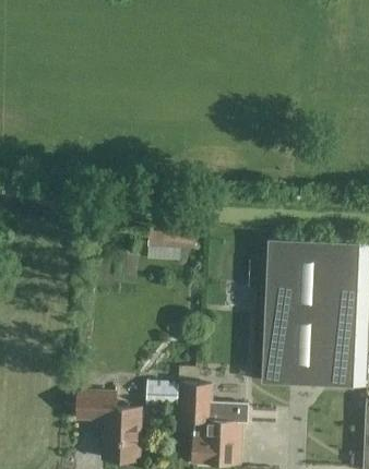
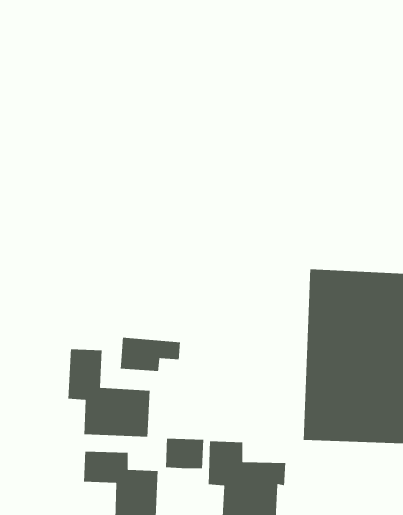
building: [147,230,199,260] -> [120,337,181,372]
building: none -> [67,349,151,438]

